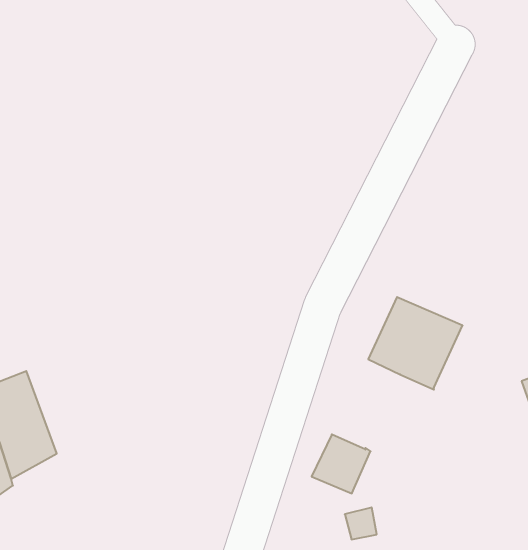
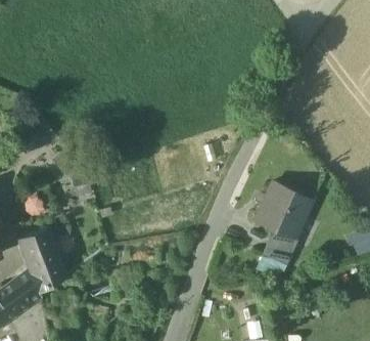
building: [312,434,371,493] -> [261,229,296,265]

